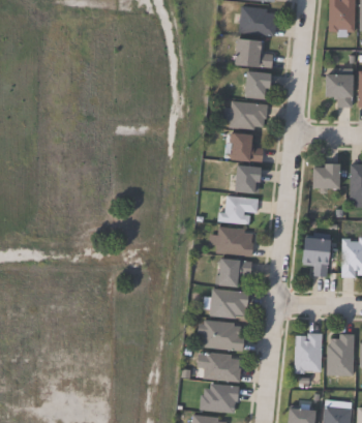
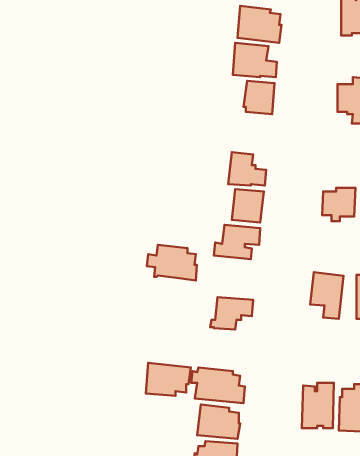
building: [223,100,269,130] -> none
building: [210,225,253,256] -> [147,245,197,280]
building: [210,289,249,318] -> [146,363,191,396]

